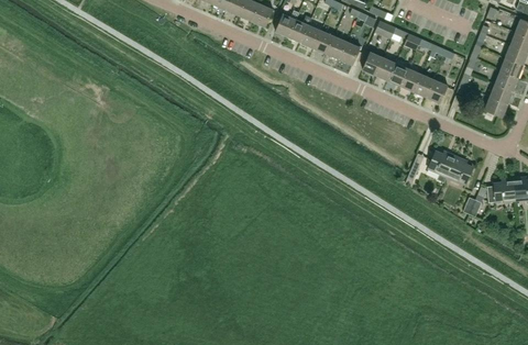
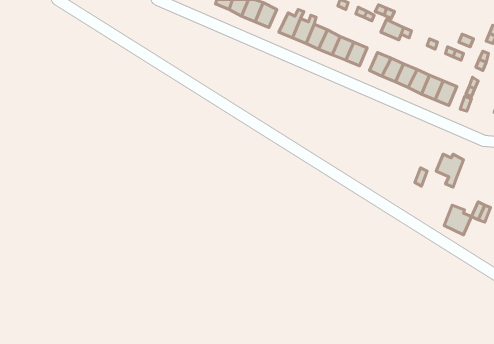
building: [447,156,473,185] -> [444,205,471,235]

